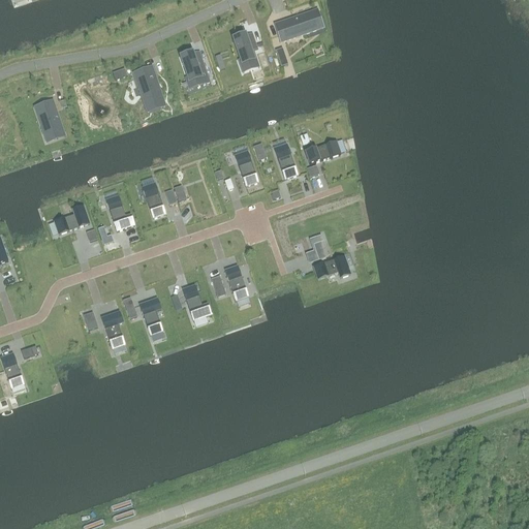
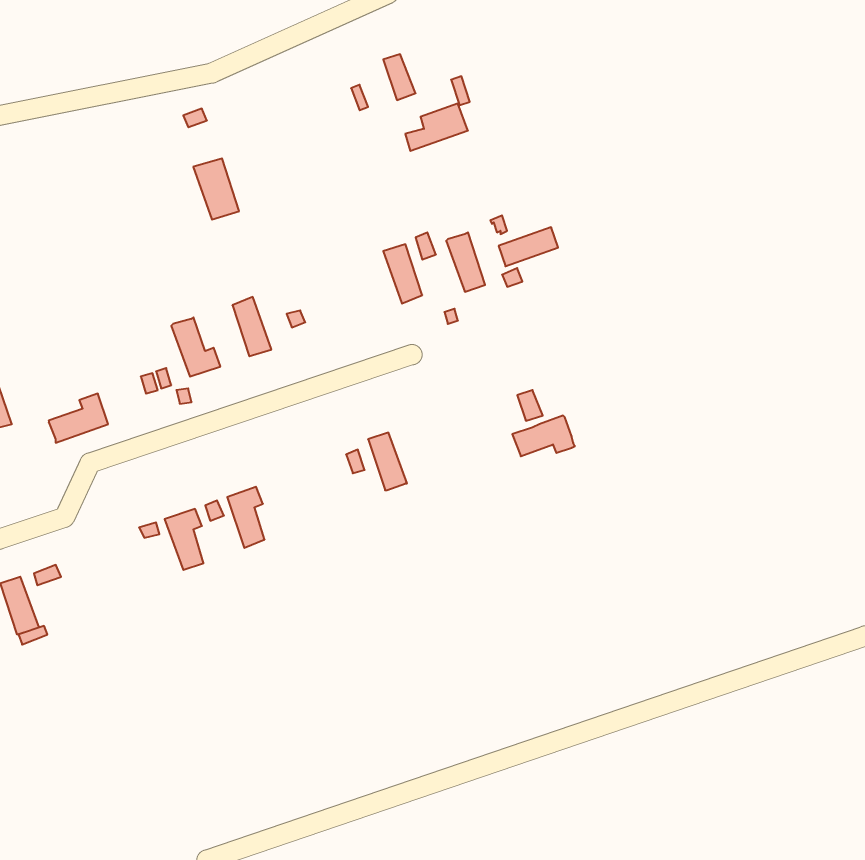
building: [277,10,315,39] -> [405,103,468,151]
building: [185,48,210,83] -> none
building: [133,65,161,102] -> [193,158,239,220]
building: [34,99,61,133] -> none
building: [53,203,89,232] -> [49,394,108,443]
building: [181,283,210,318] -> none

